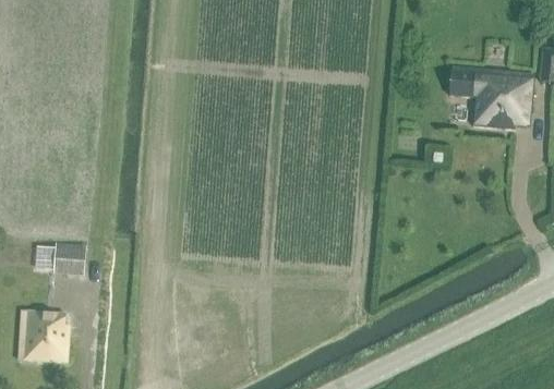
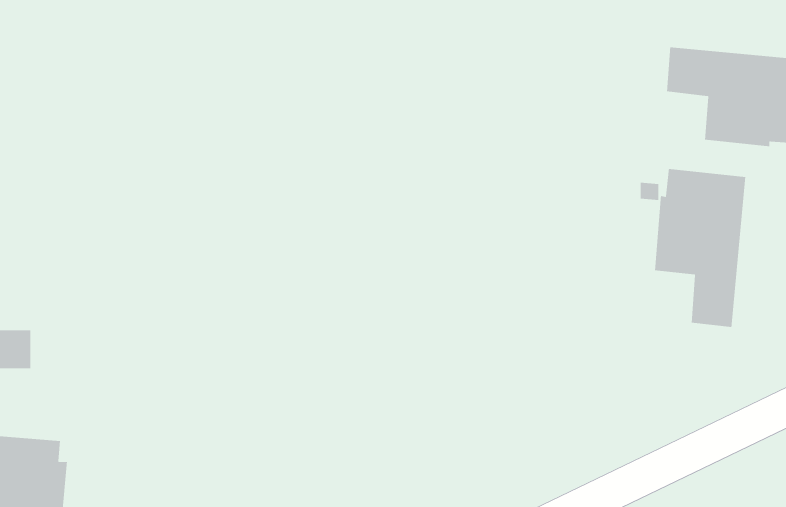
building: none -> [654,168,746,328]
building: [52,242,84,269] -> none

